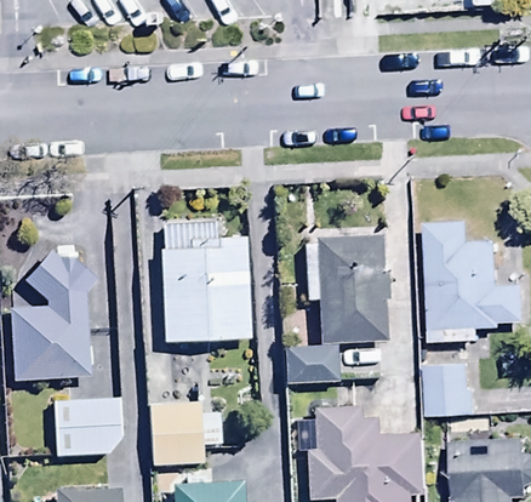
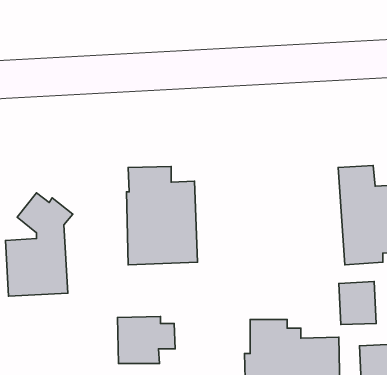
building: [286,235,390,384] -> none
building: [53,400,124,457] -> none

